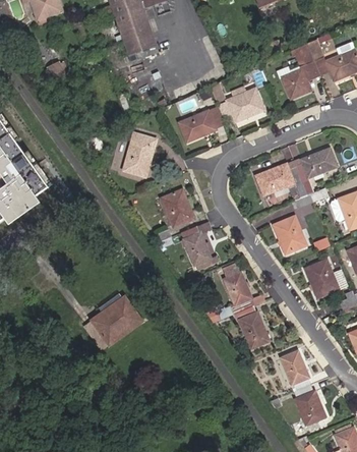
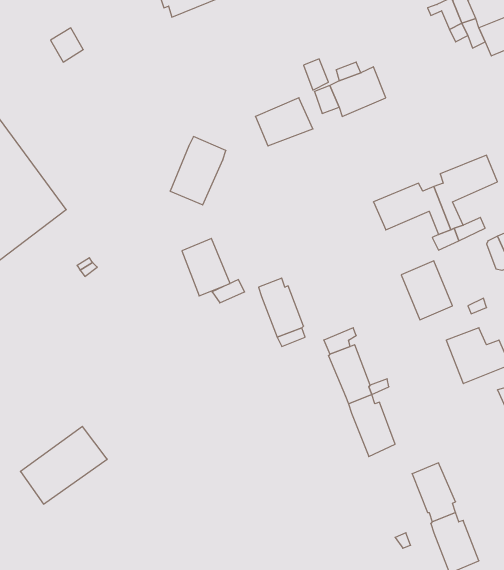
building: [281,70,310,100] -> none
building: [161,189,192,227] -> [182,238,230,296]
building: [83,299,140,350] -> [20,426,107,504]

